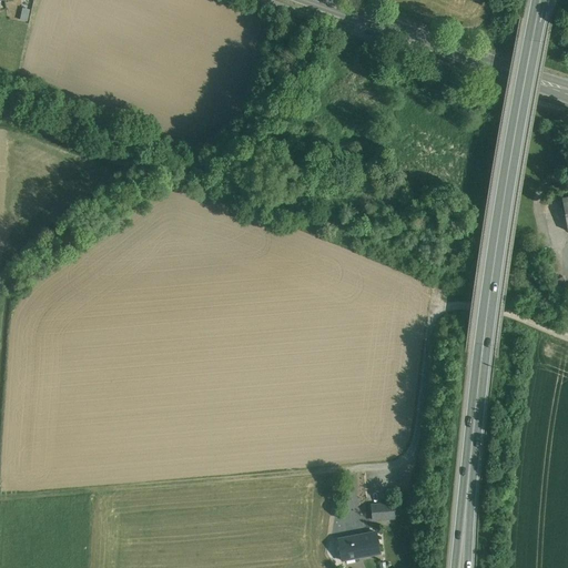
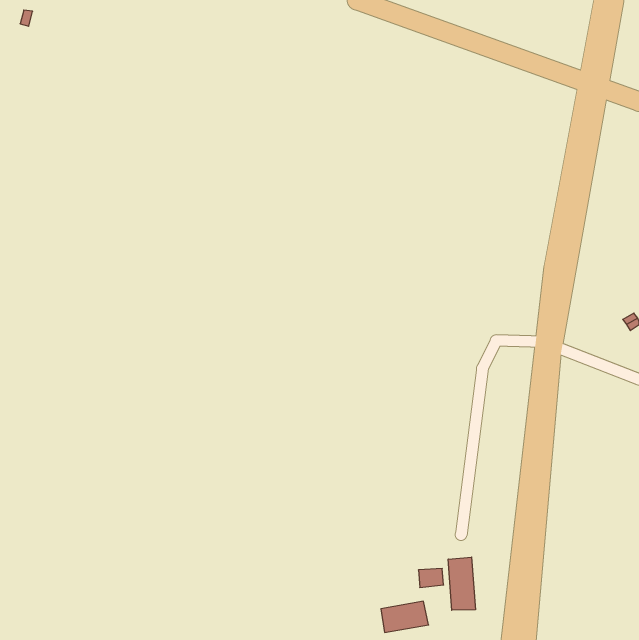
building: none -> [448,557,475,610]

